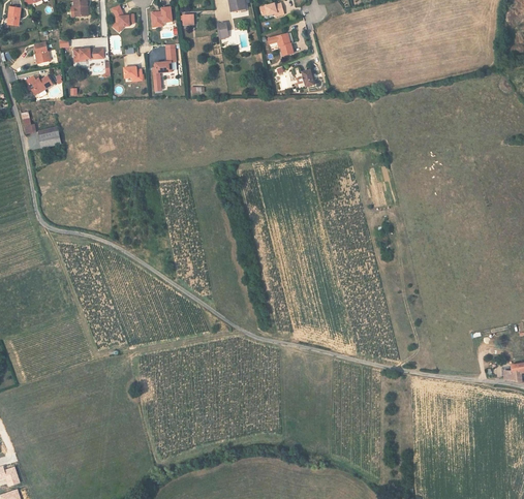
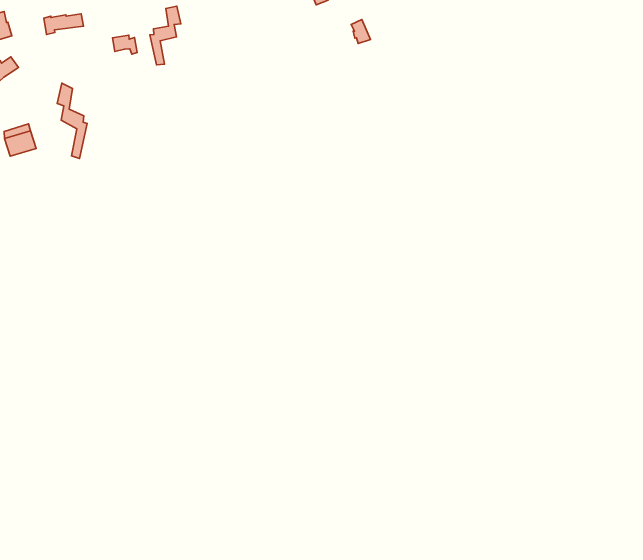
building: none -> [57,83,87,158]

